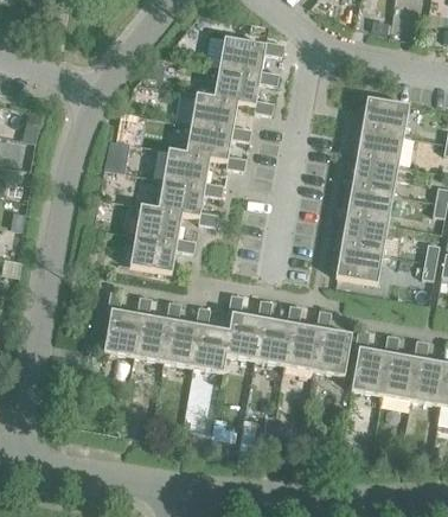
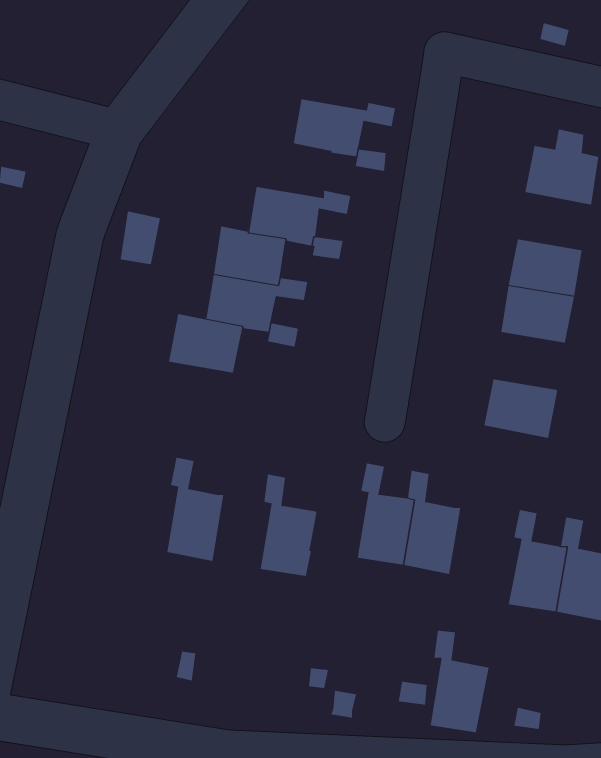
building: [219,36,284,74] -> none
building: [191,91,238,129] -> none
building: [357,126,404,162] -> none
building: [341,215,388,251] -> none
building: [130,234,196,270] -> none
building: [103,289,141,355] -> none
building: [225,292,262,358] -> none
building: [164,299,200,365] -> none
building: [314,308,352,374] -> [430,630,489,733]

